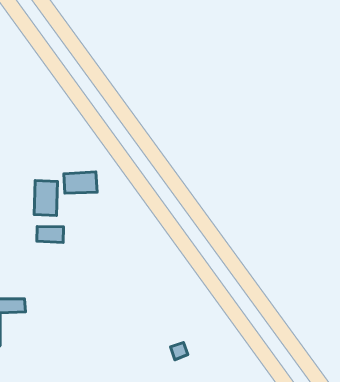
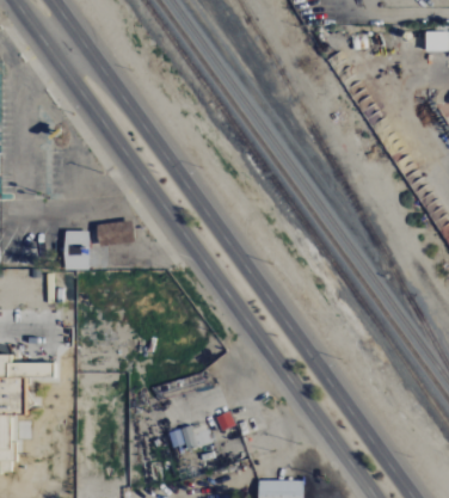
building: [37,226,64,242] -> none
building: none -> [170,423,213,449]

